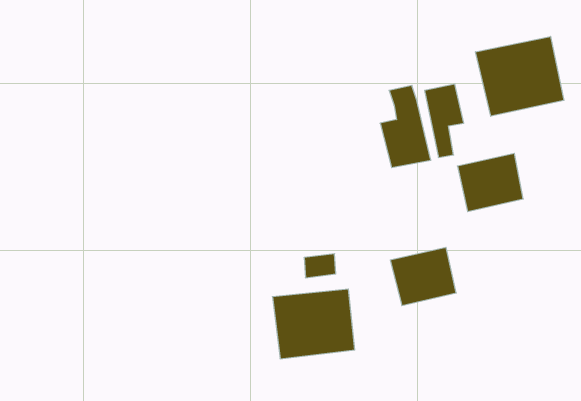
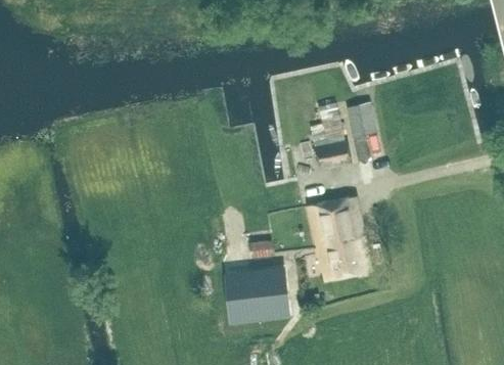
building: [476,36,564,116] -> none
building: [457,153,523,212] -> [311,196,364,243]

